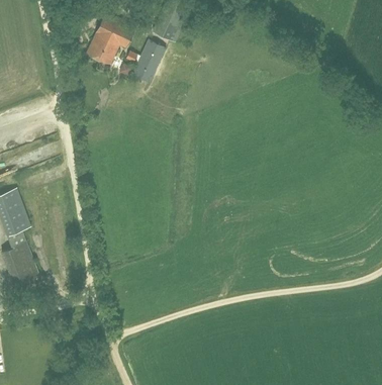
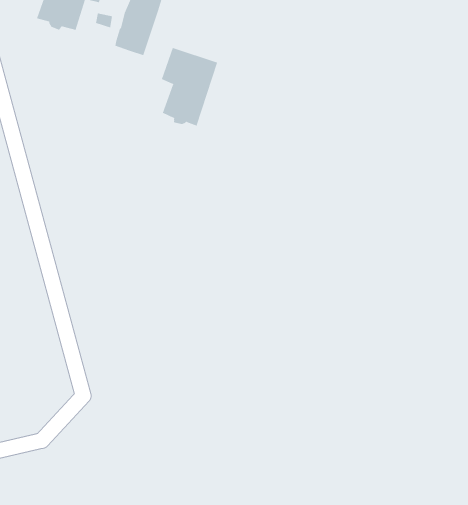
building: none -> [161,47,218,126]

